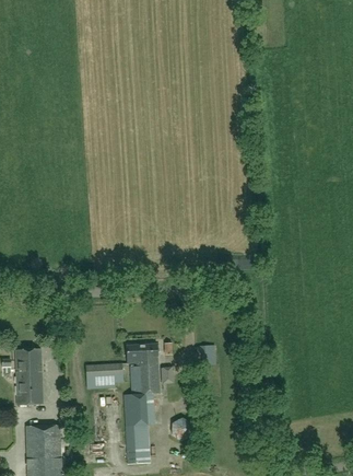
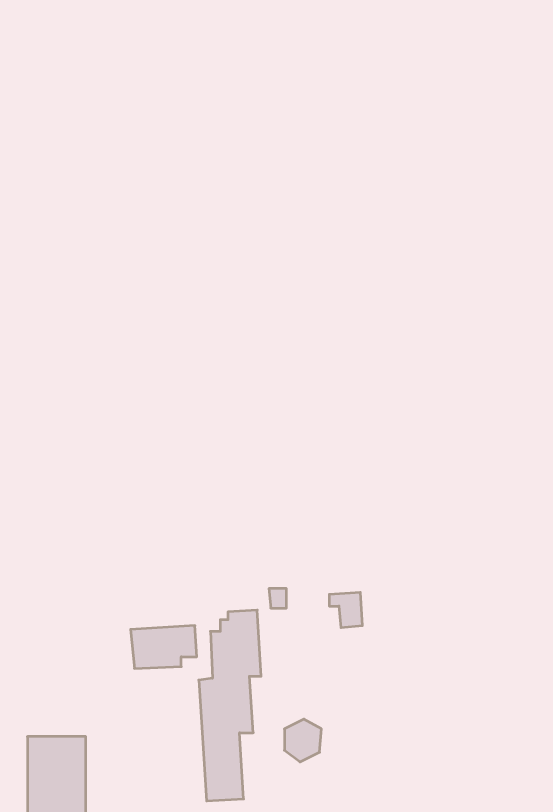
building: [126,343,156,363] -> none
building: [16,349,43,404] -> none

